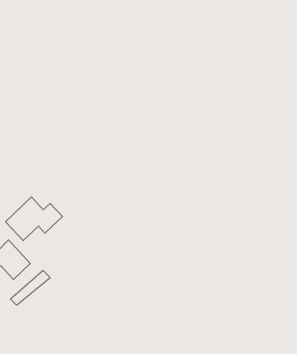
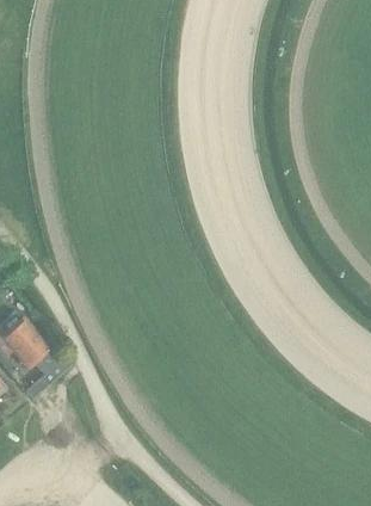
building: [6,197,63,241] -> none

